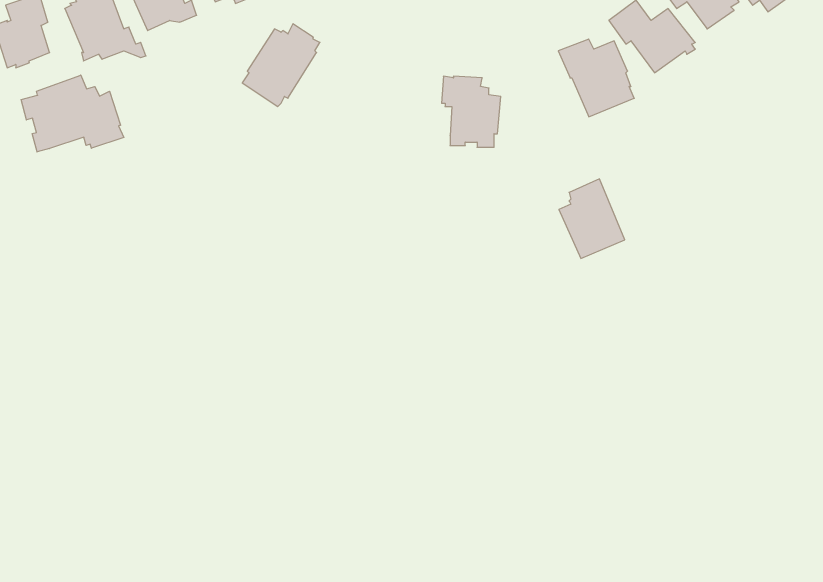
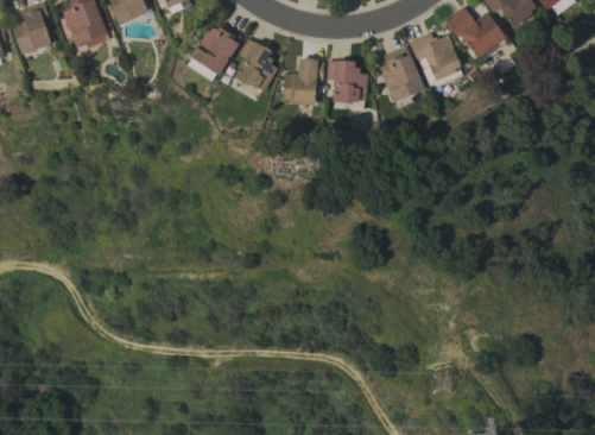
building: none -> [230,38,278,100]
building: none -> [283,57,323,105]
building: [21,75,124,152] -> none
building: [559,179,625,258] -> [378,45,424,101]

